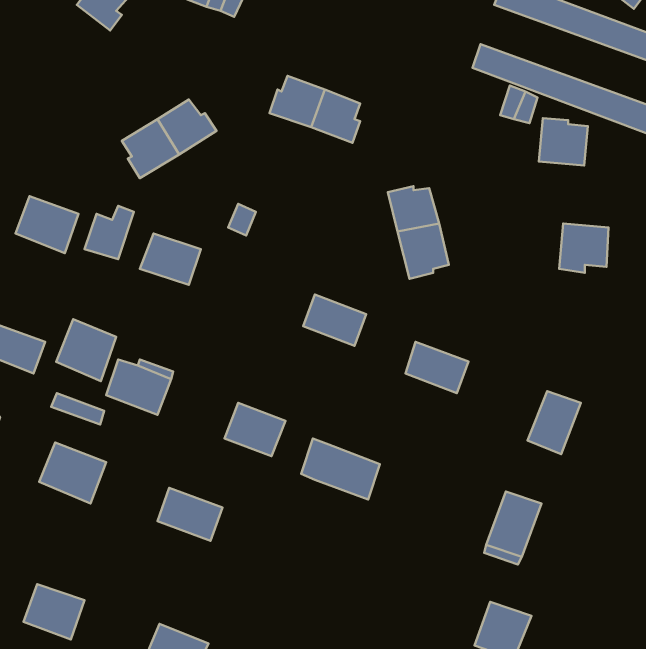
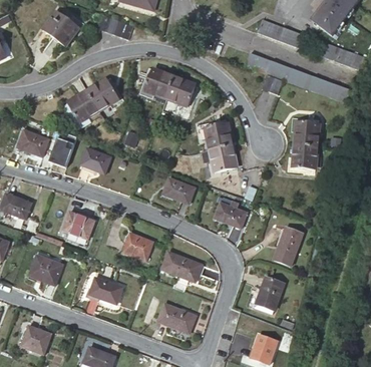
building: [539,118,588,165] -> [295,120,320,144]
building: [56,319,116,381] -> none
building: none -> [157,303,195,334]

